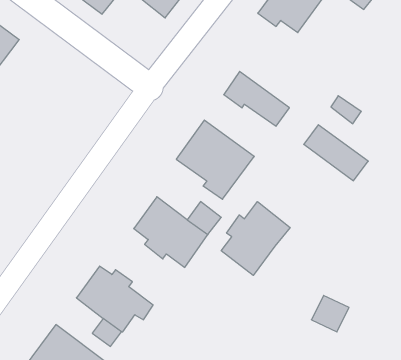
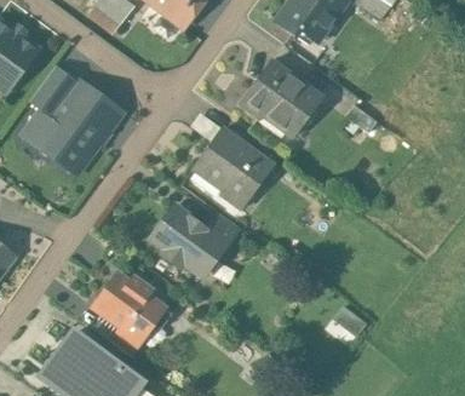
building: none -> [30,65,122,173]
building: [304,125,368,181] -> [257,61,321,116]
building: [221,202,290,275] -> none

